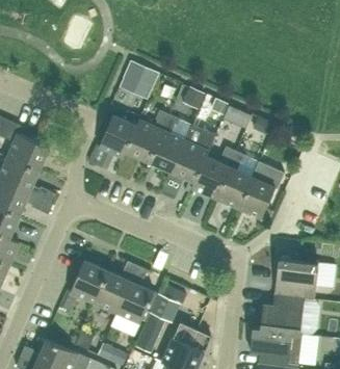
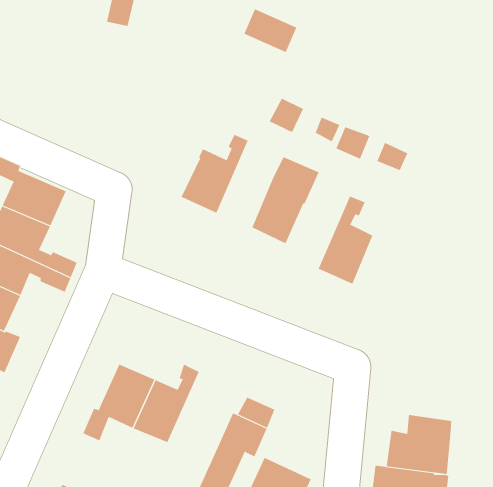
building: [123,61,158,90] -> [243,8,297,53]
building: [148,114,184,172] -> none
building: [88,115,136,166] -> none
building: [190,147,235,199] -> none
building: [237,167,284,218] -> none
building: [273,259,317,298] -> none
building: [115,266,153,323] -> none

